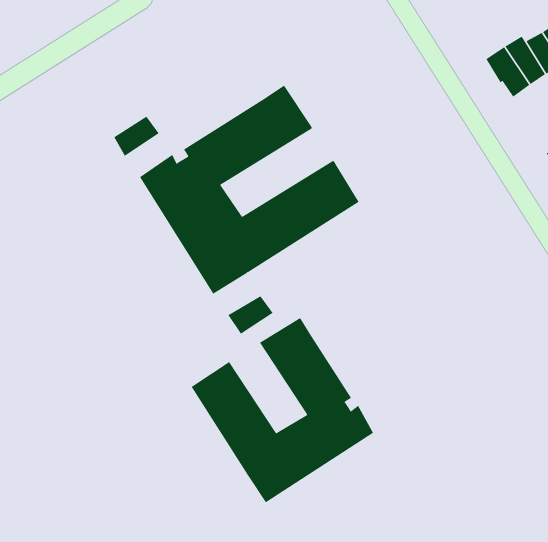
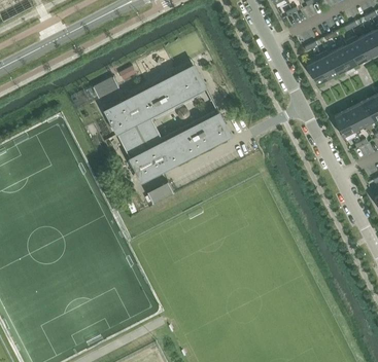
building: [191,317,374,503] -> none

